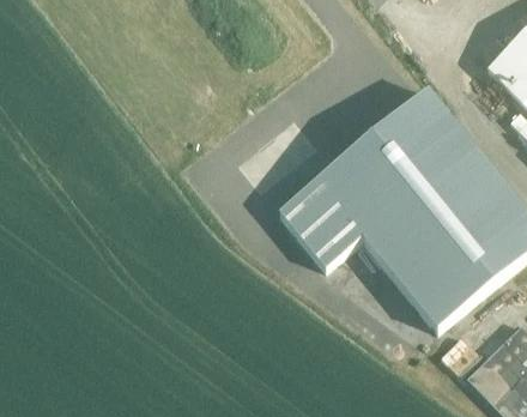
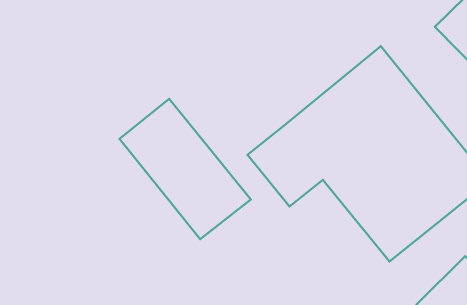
building: none -> [119,99,251,239]

